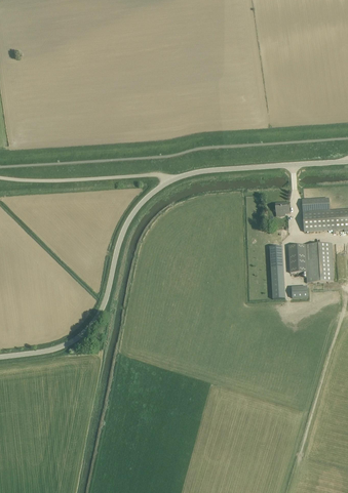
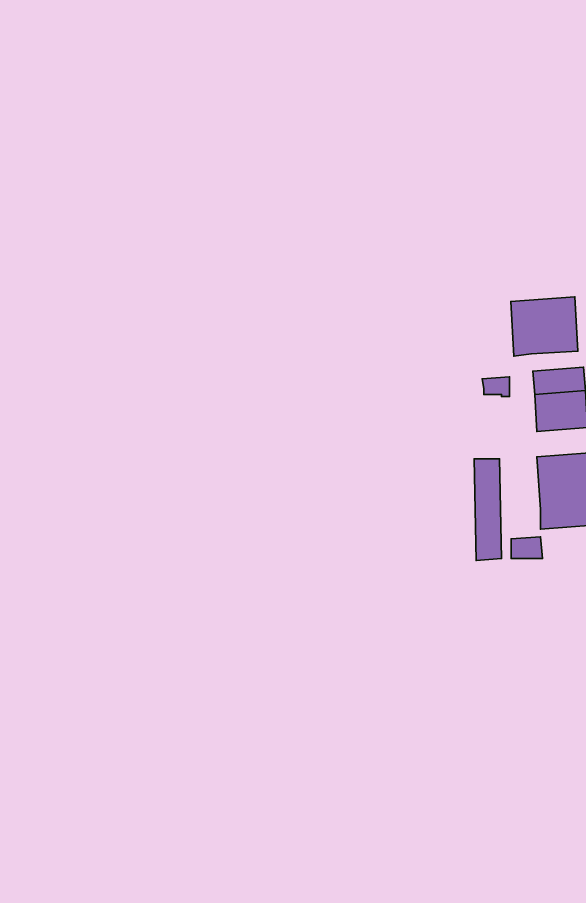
building: none -> [511,297,578,356]
building: [287,244,305,273] -> none

